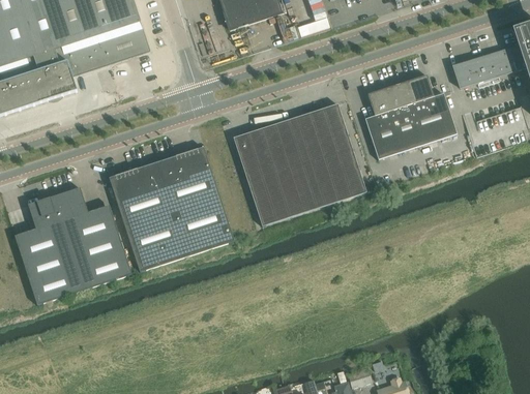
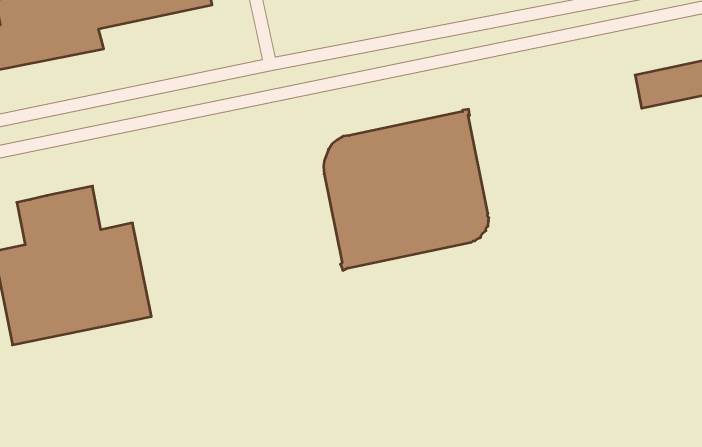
building: [364,73,457,159] -> none
building: [109,146,234,270] -> none

